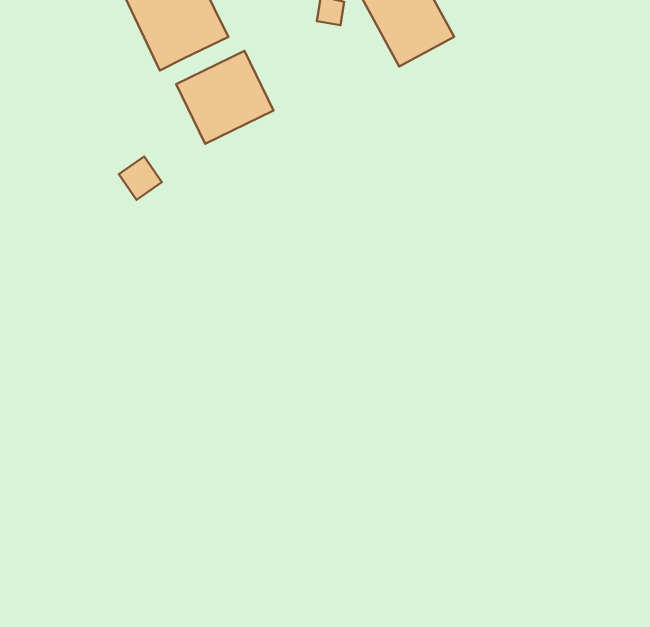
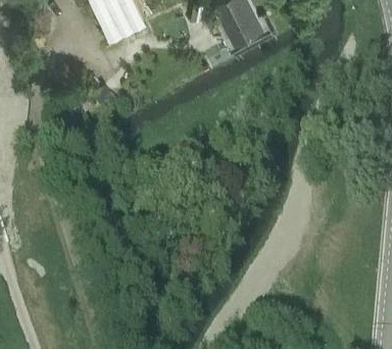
building: [176,51,273,144] -> none

